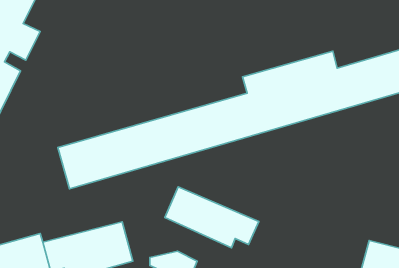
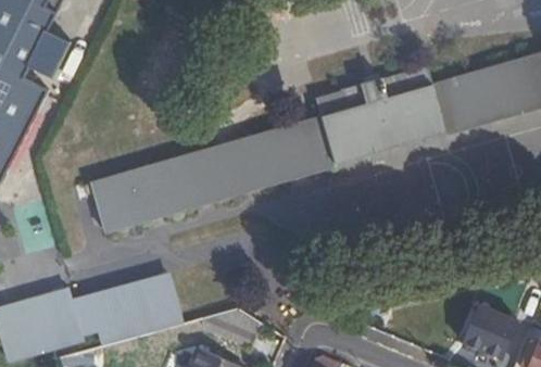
building: [165,187,259,248] -> none

